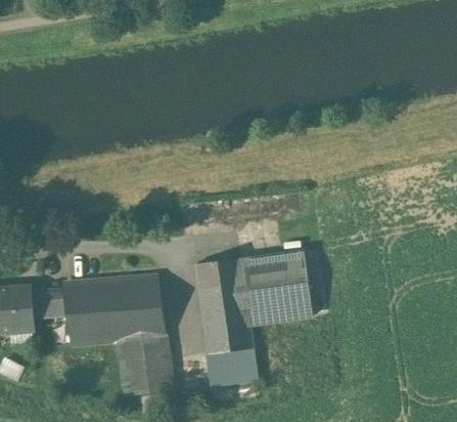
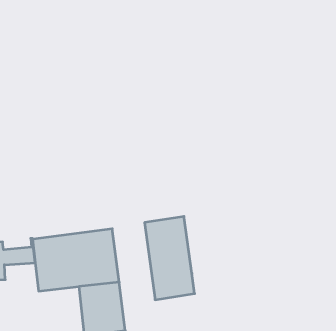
building: [240,252,311,325] -> none
building: [207,348,257,385] -> none

